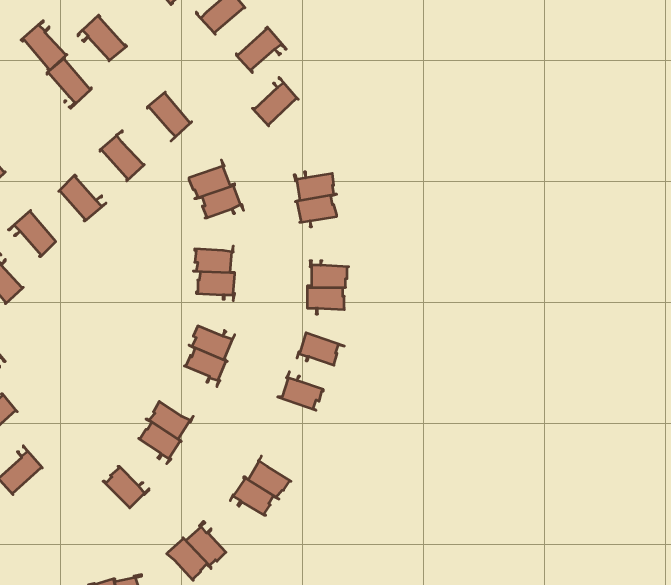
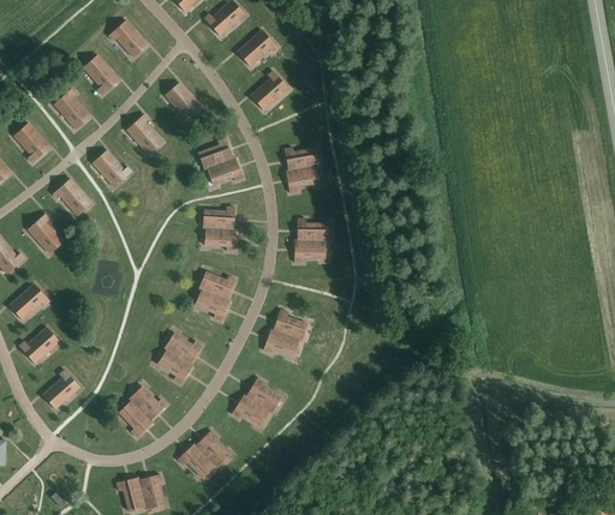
building: [21,21,67,71] -> [53,89,90,130]
building: [297,333,344,365] -> [263,330,301,357]
building: none -> [119,402,153,438]

